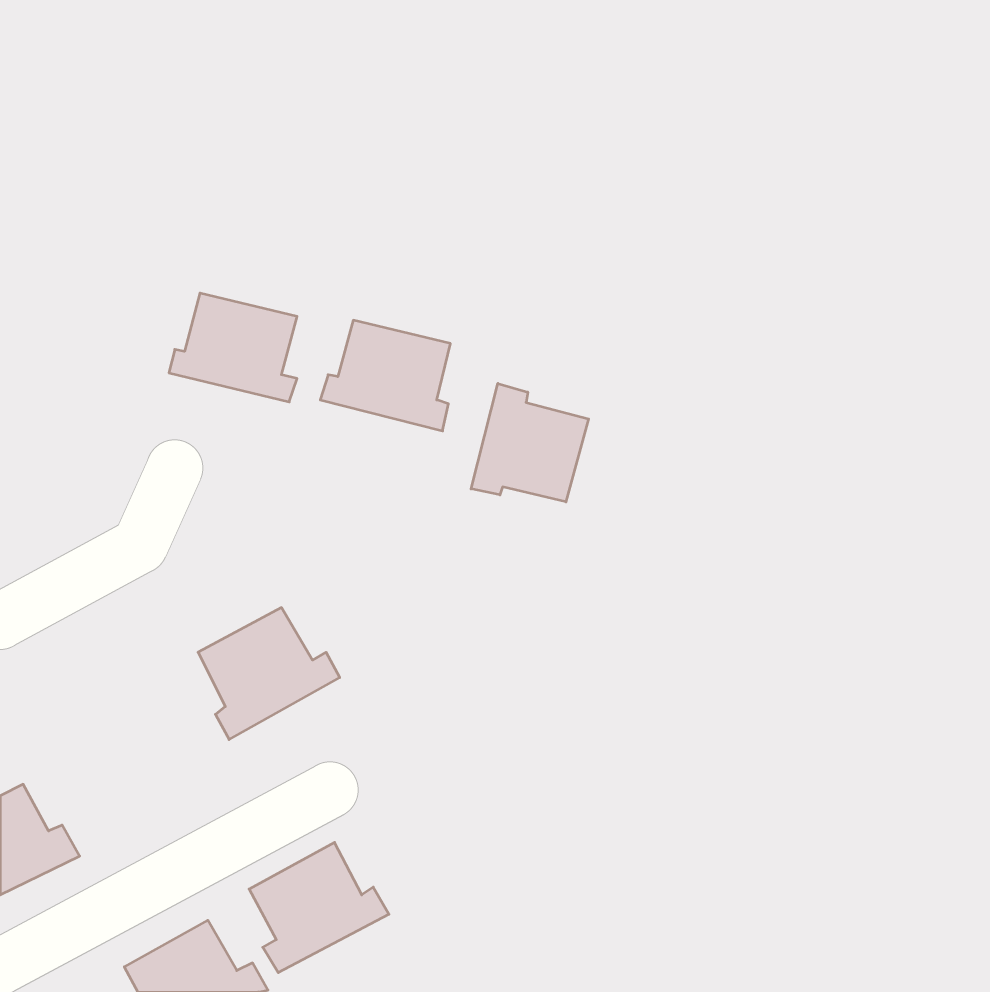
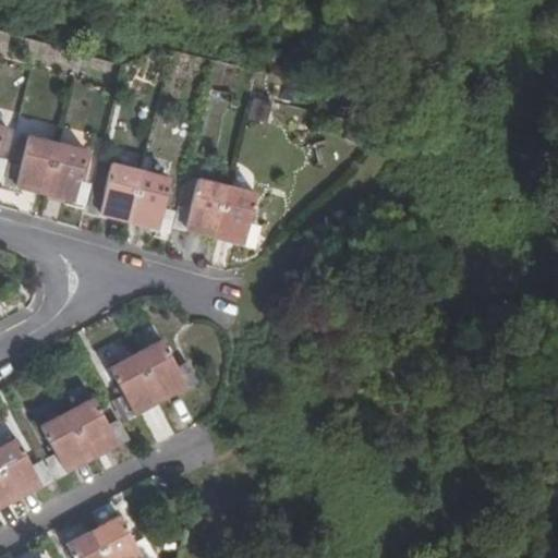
building: none -> [12,137,84,201]
building: [471,383,589,502] -> none
building: [249,842,389,973] -> [44,399,122,472]

